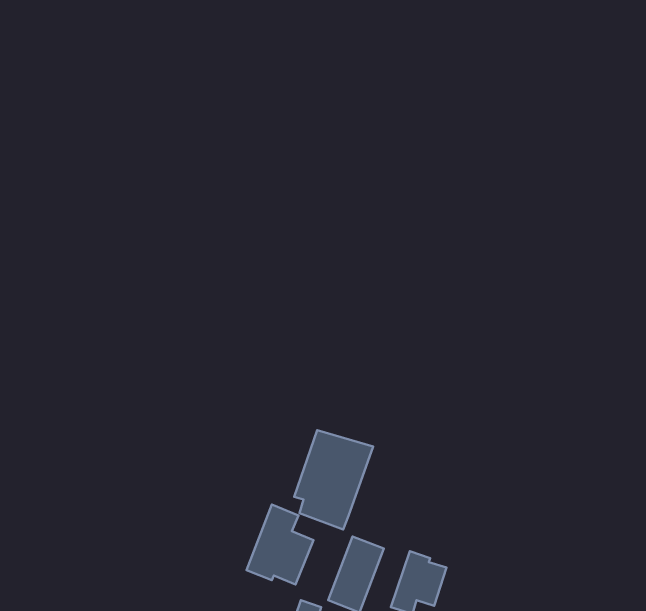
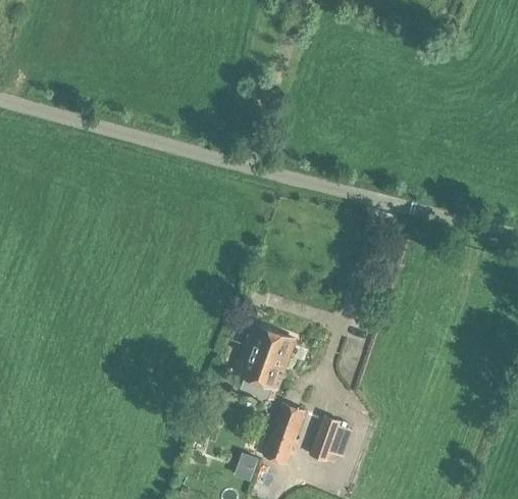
building: [247,504,314,584] -> none

